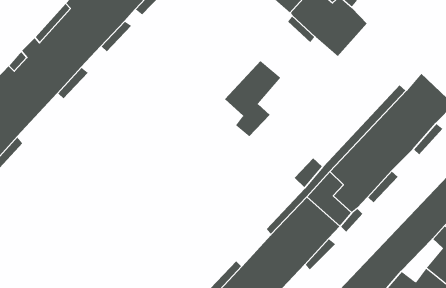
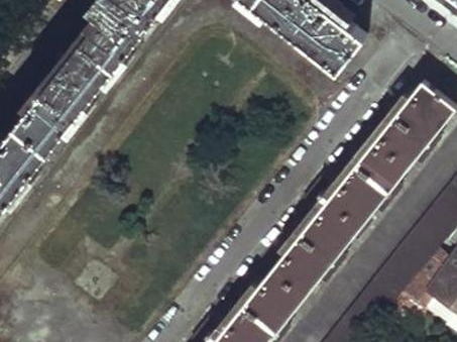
building: [224,60,281,137] -> none

